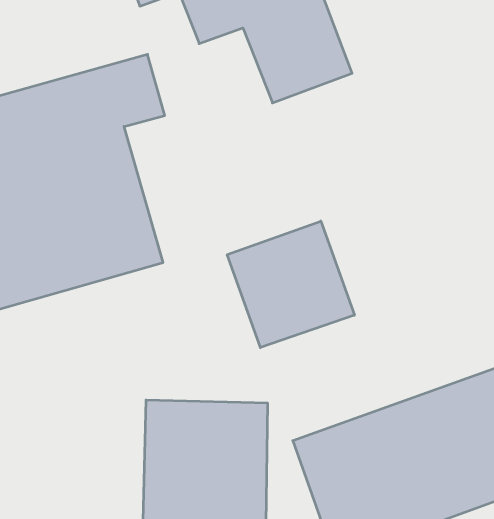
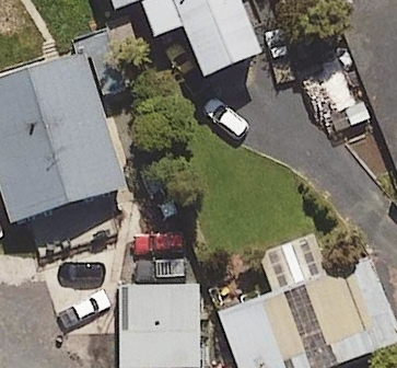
building: [227,221,354,348] -> none

